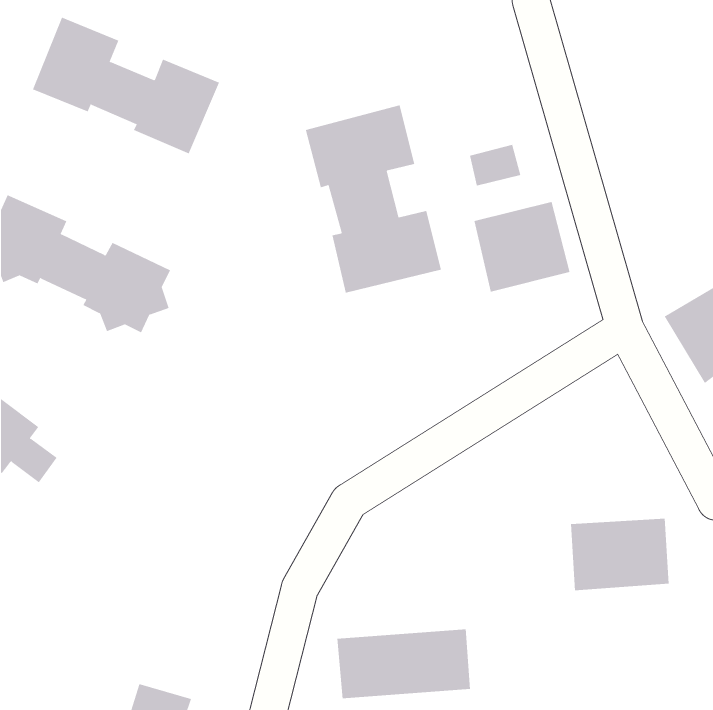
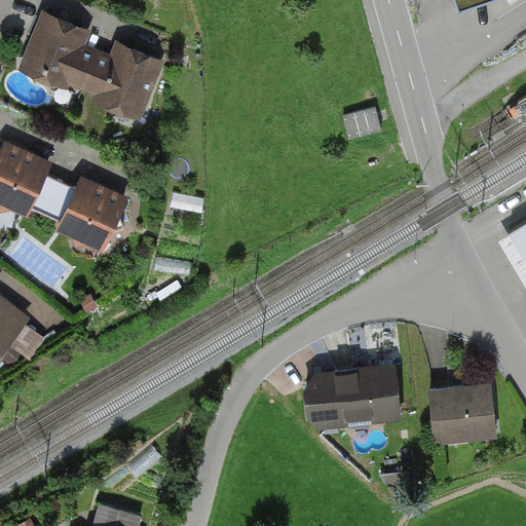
building: [305,105,442,293] -> none
building: [474,201,570,292] -> none
building: [336,629,471,699] -> [294,368,392,419]

